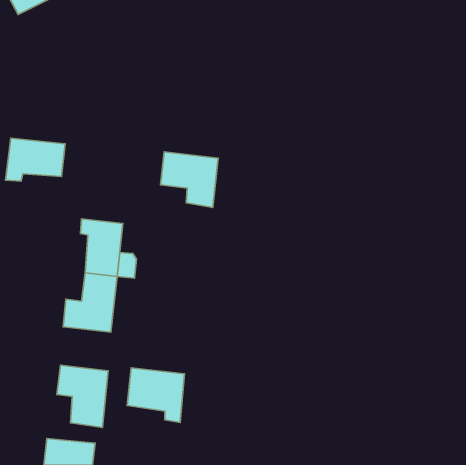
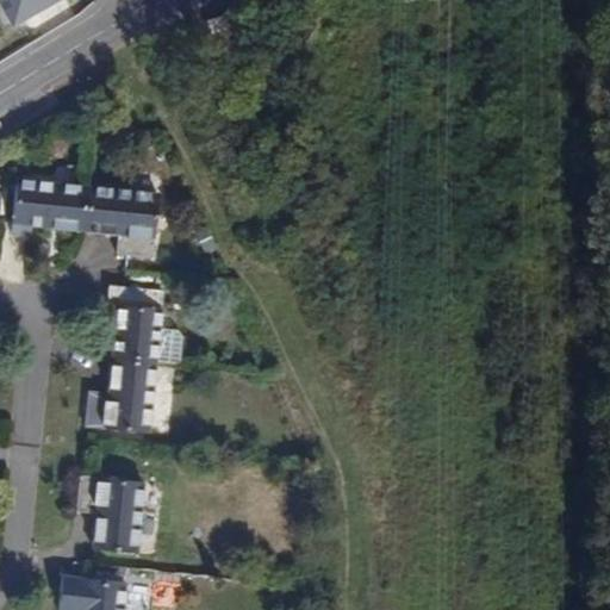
building: [161,152,218,208] -> [82,187,157,260]
building: [127,368,184,423] -> none

